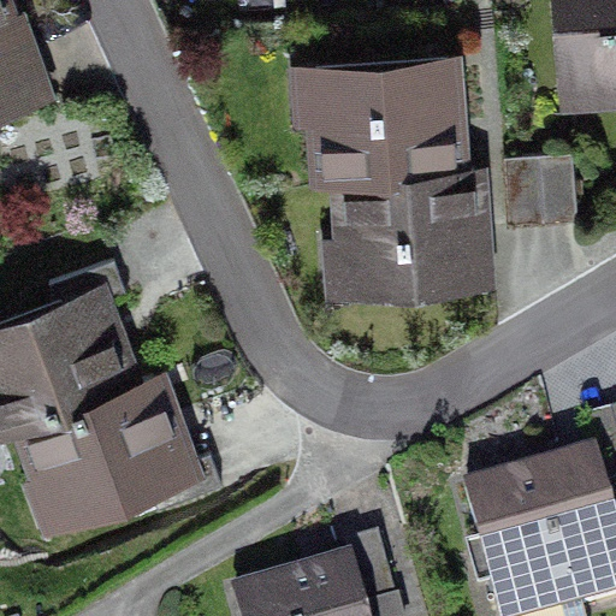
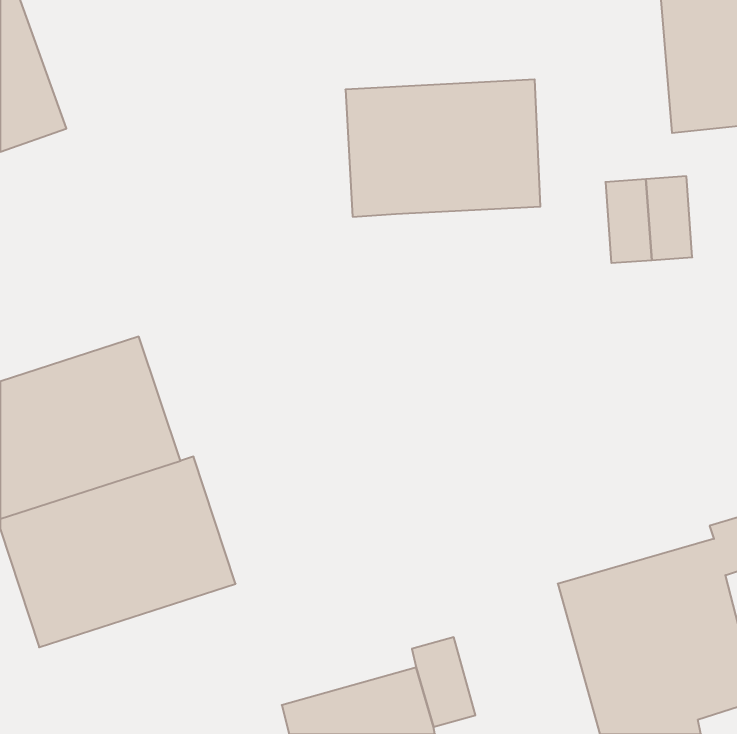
building: [331,171,493,300] -> none

